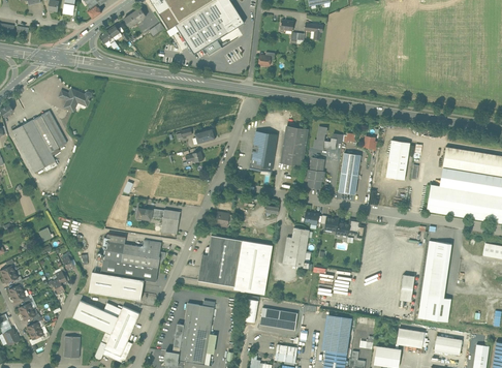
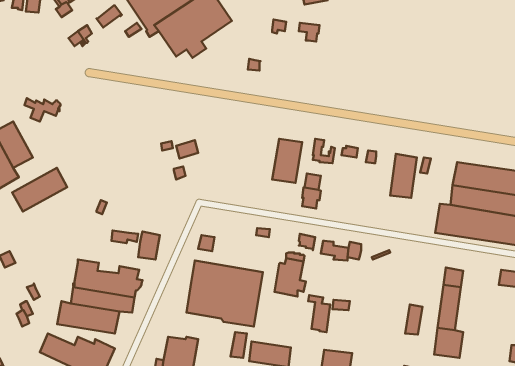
building: [249,131,276,172] -> none
building: none -> [12,168,67,212]
building: [338,153,359,194] -> none

